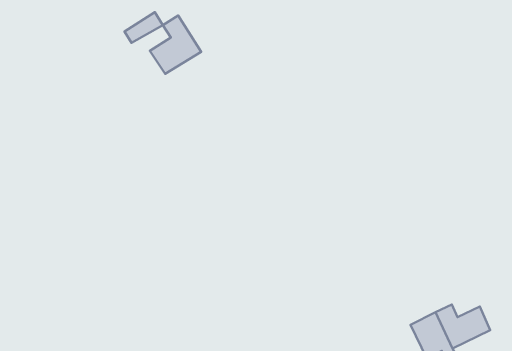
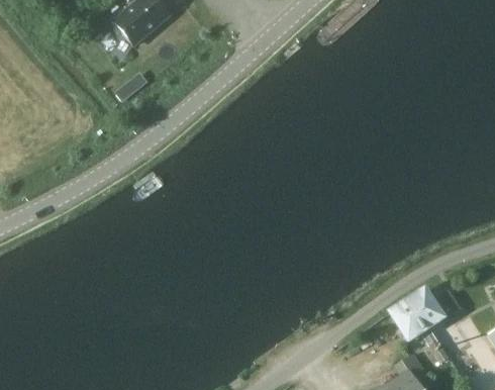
building: [150,15,201,74] -> none

